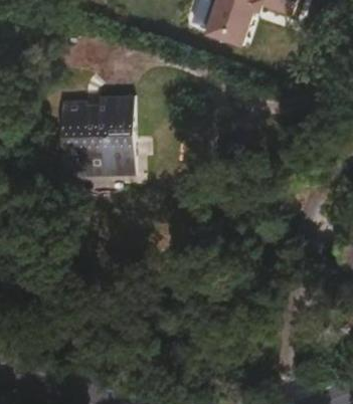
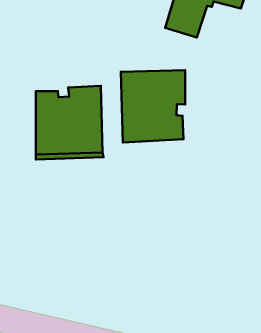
building: none -> [121,70,185,142]

